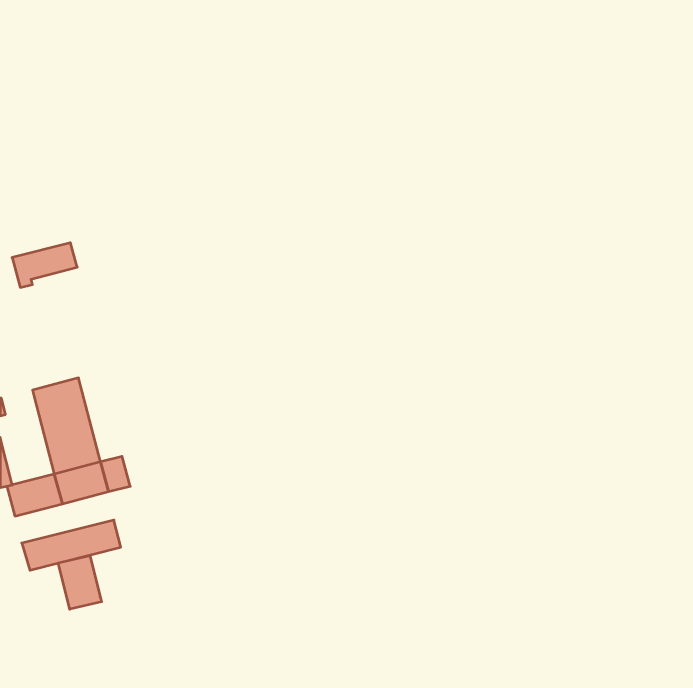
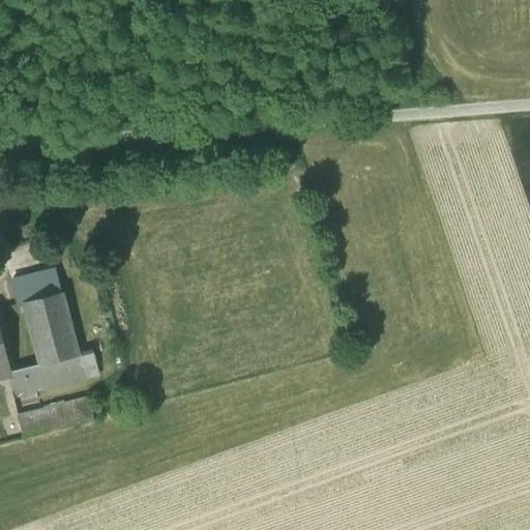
building: [12,243,77,287] -> [10,270,60,304]
building: [58,556,102,609] -> none

